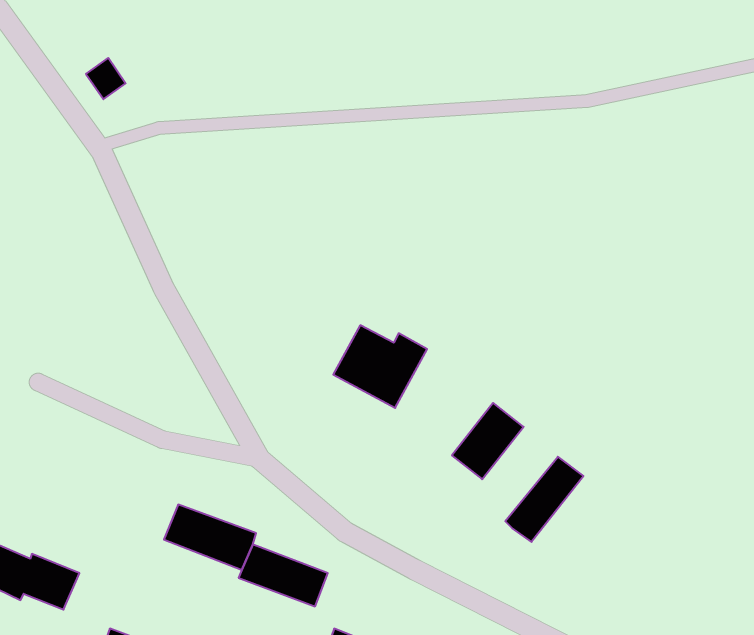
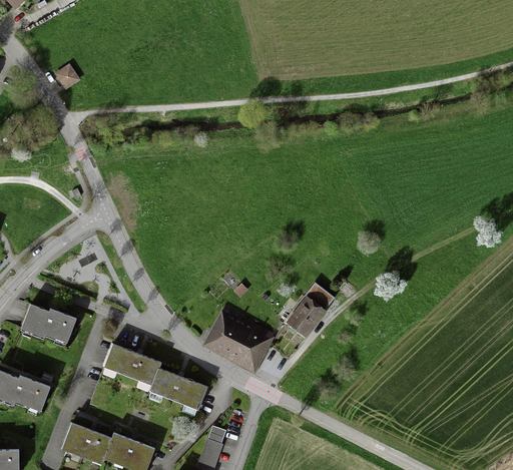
building: [333,325,427,408] -> [210,310,270,362]
building: none -> [21,306,77,344]
building: [505,457,583,542] -> none

